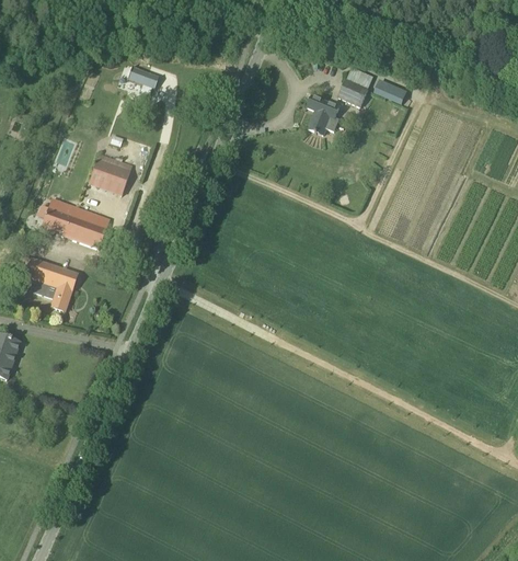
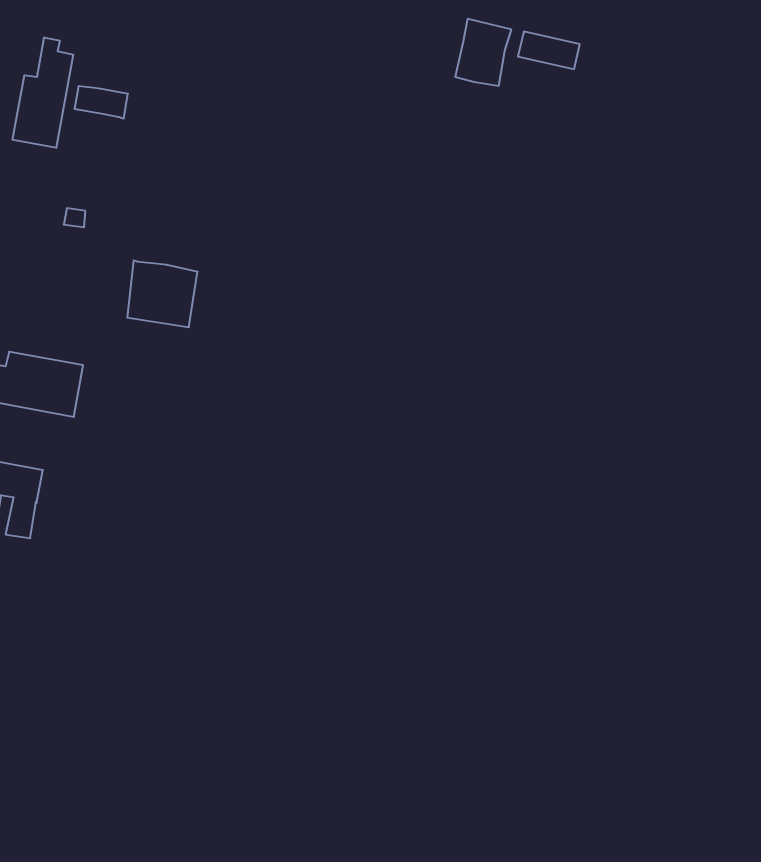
building: none -> [12,37,73,148]
building: [307,95,339,134] -> none
building: [89,152,131,194] -> [127,260,198,327]

